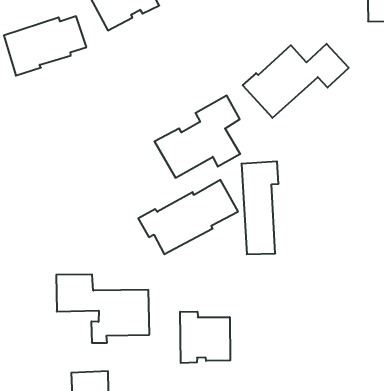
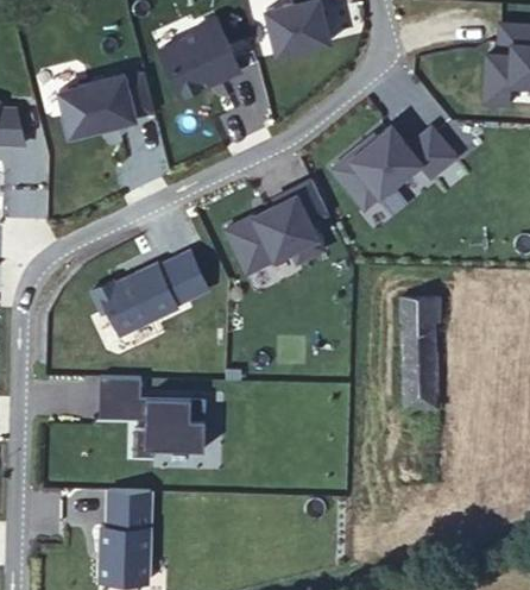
building: [241,161,279,254] -> [402,290,444,397]
building: [138,180,238,254] -> [90,253,207,335]
building: [180,312,230,363] -> none

